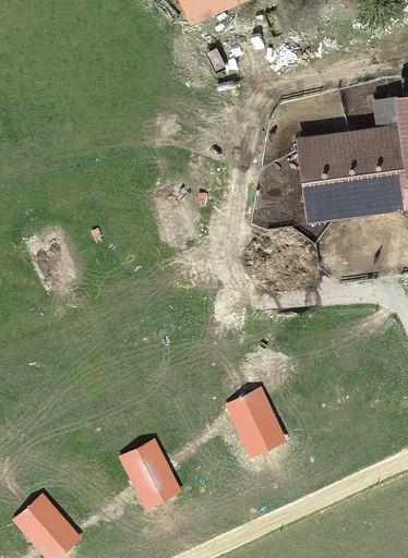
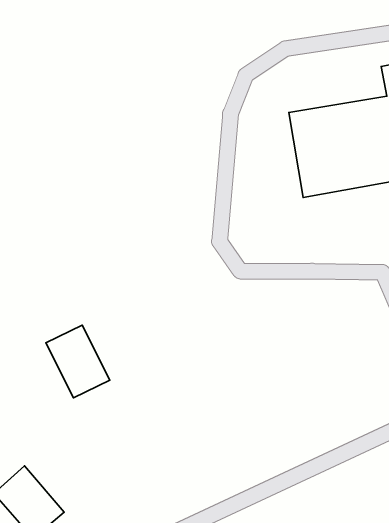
building: [224,387,287,459] -> none
building: [118,438,181,510] -> [46,325,110,398]

